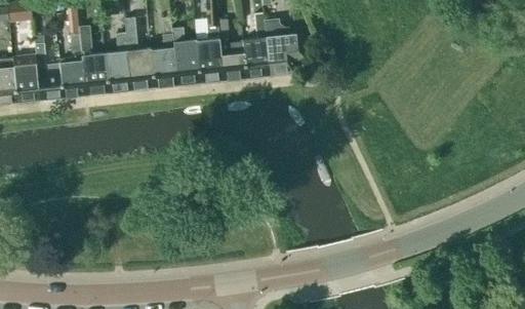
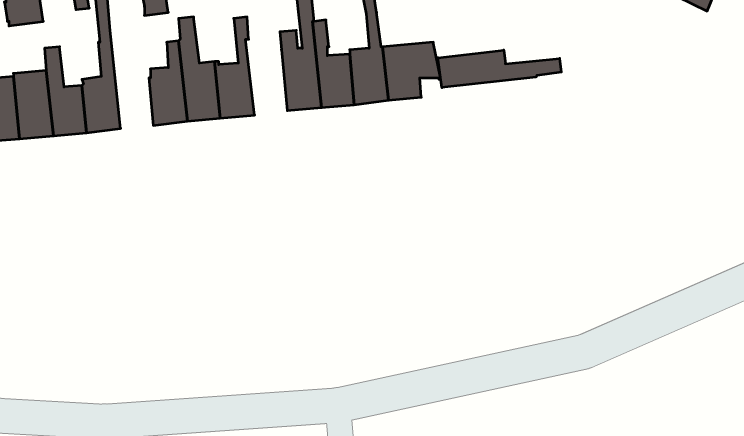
building: [78,26,108,94] -> none
building: [171,32,200,85] -> none
building: none -> [438,50,561,88]

